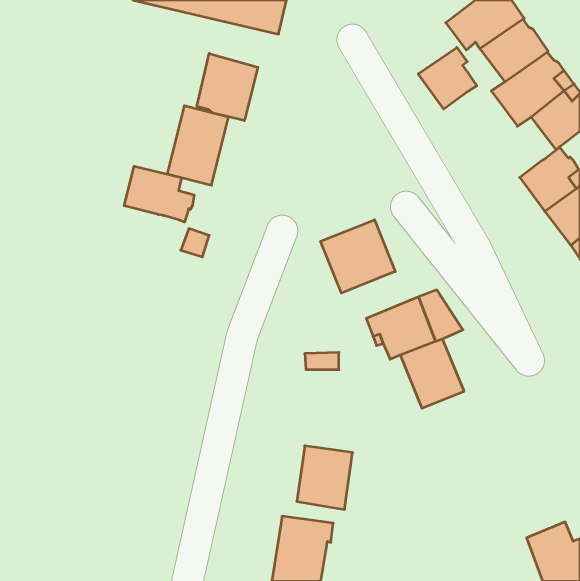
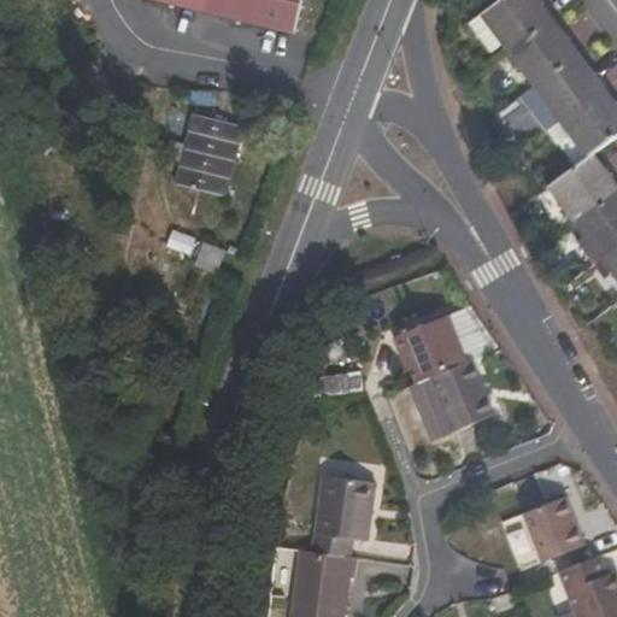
building: [418,47,477,109] -> none
building: [197,53,258,121] -> none
building: [124,166,194,222] -> none
building: [321,220,395,293] -> none
building: none -> [523,498,584,562]

